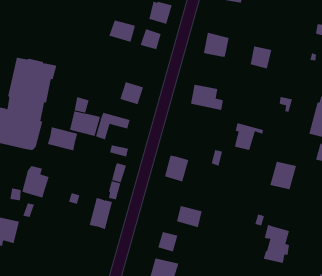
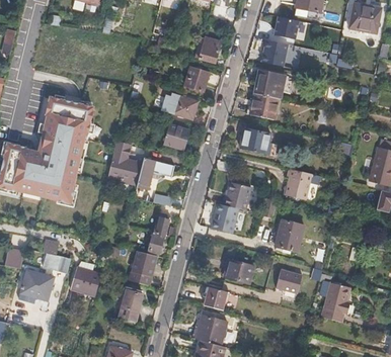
building: none -> [262,40,289,67]
building: [109,20,136,42] -> [169,95,199,119]
building: [250,46,272,69] -> [251,94,276,119]
building: [47,127,78,151] -> none
building: none -> [225,182,250,210]
building: [270,161,297,190] -> [275,219,304,251]
building: [21,166,49,198] -> [70,260,100,295]
building: none -> [277,269,301,292]
building: none -> [120,288,148,320]

